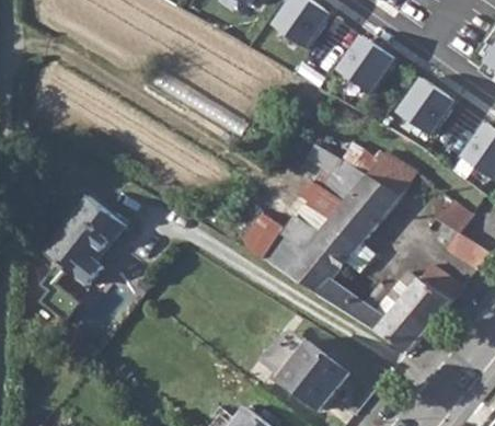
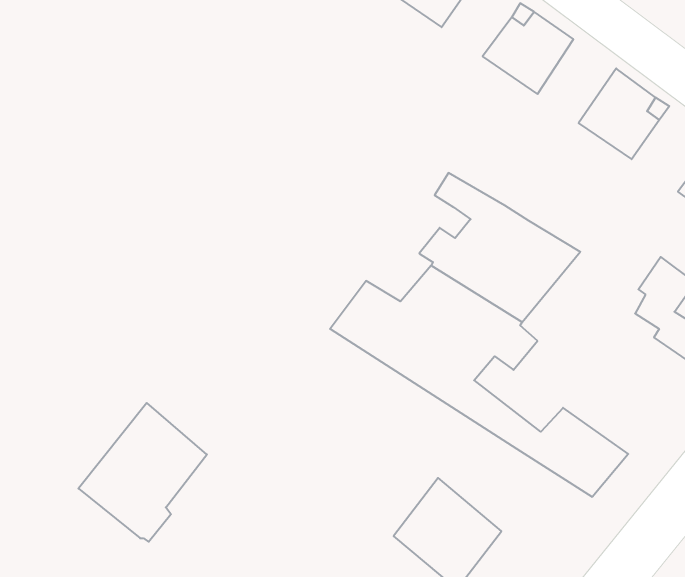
building: [366,151,415,194] -> none
building: [44,195,126,284] -> [78,403,207,542]
building: [388,262,460,323] -> none

